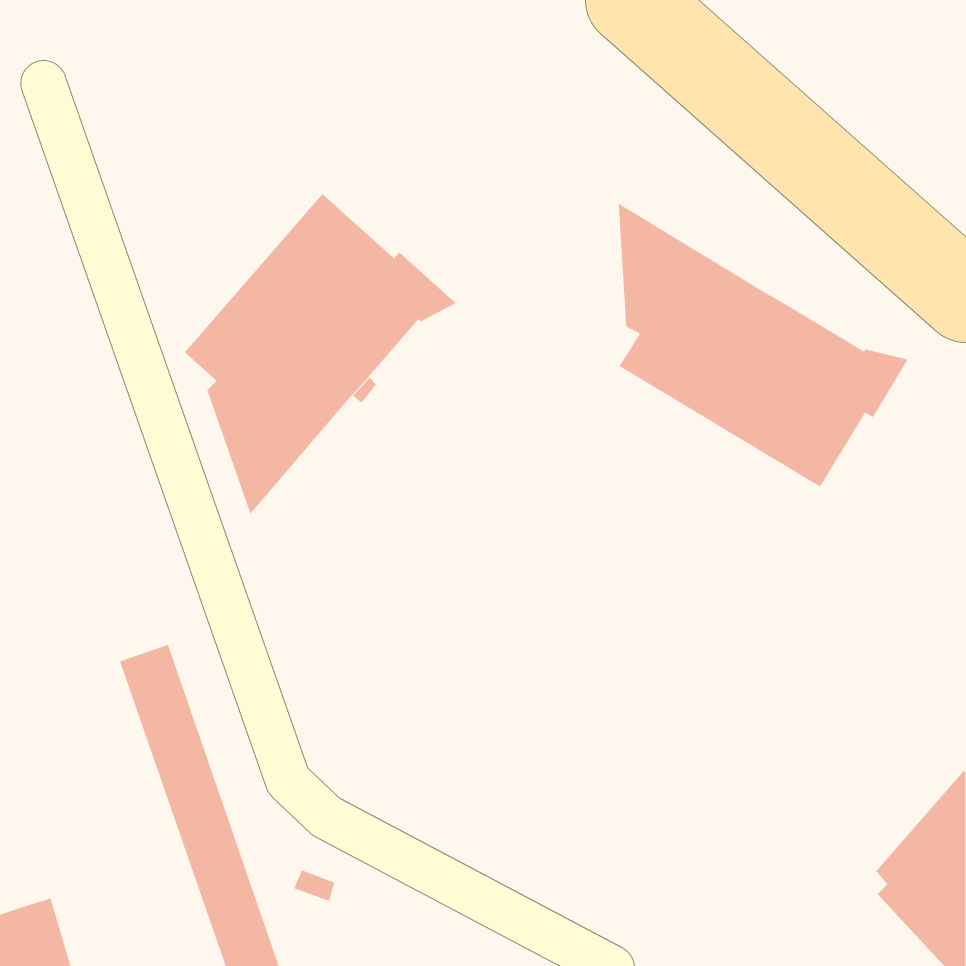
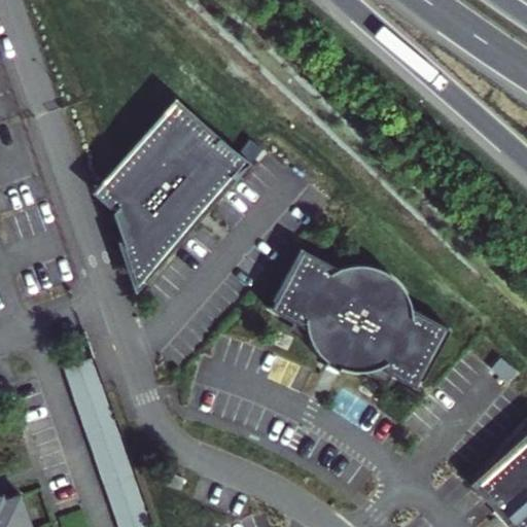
building: [618,203,908,487] -> none
building: none -> [268,251,452,392]

